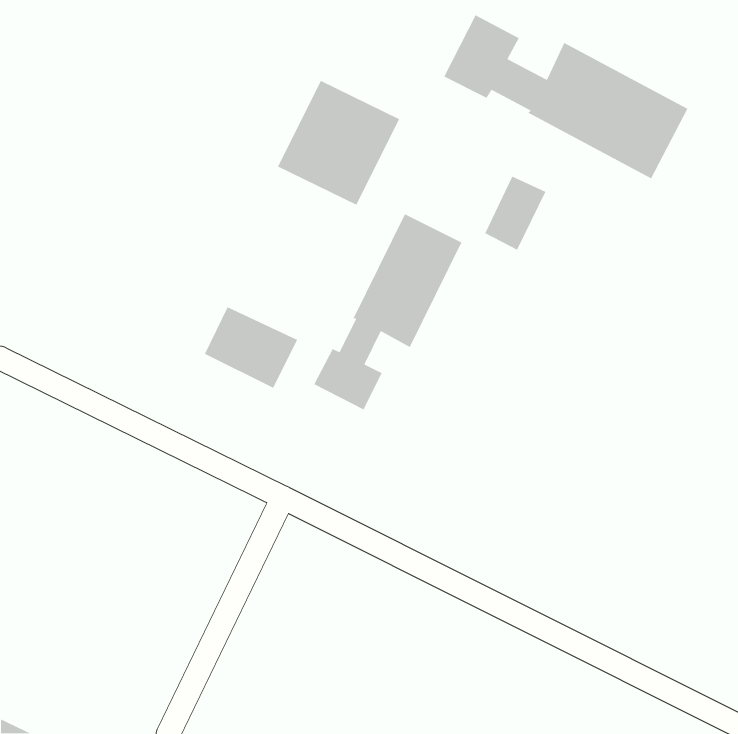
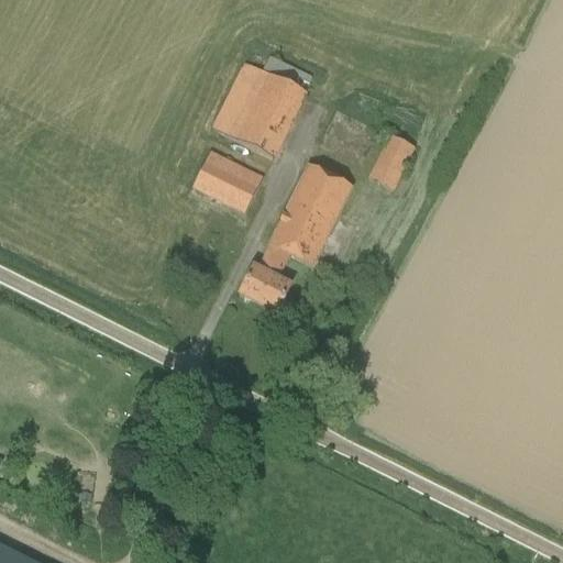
building: [443,14,689,179] -> none
building: [204,306,298,389] -> [194,148,265,211]

